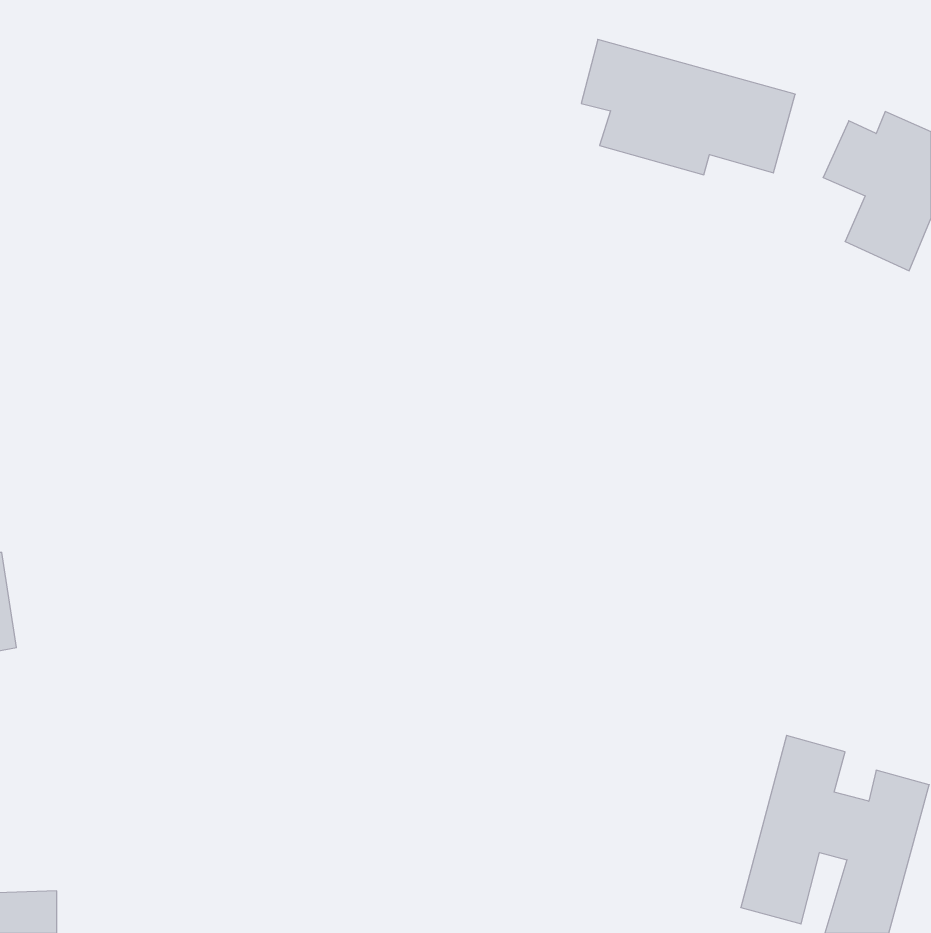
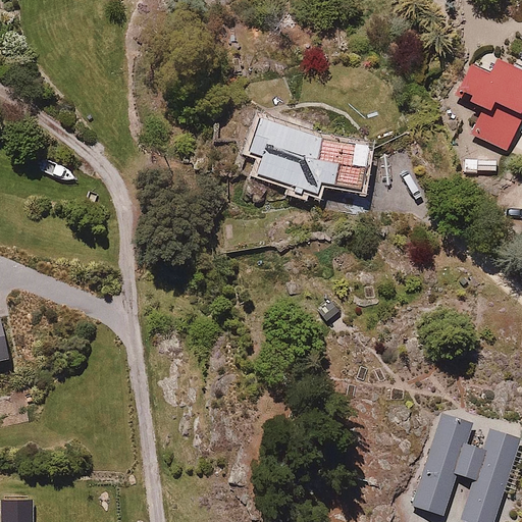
building: [581,39,795,175] -> [250,118,369,194]

